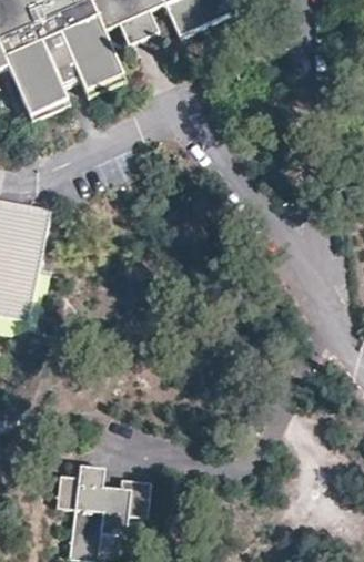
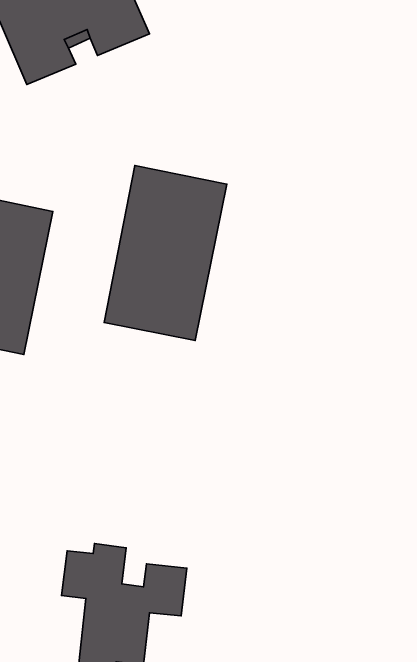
building: none -> [104,165,227,341]

